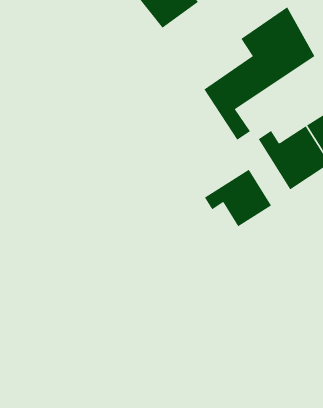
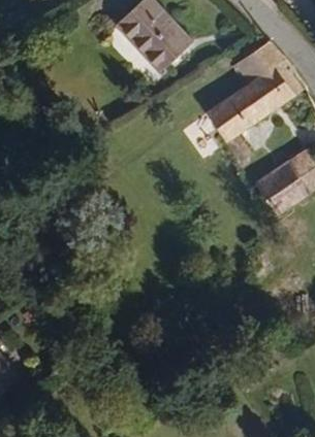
building: [204,169,272,227] -> none

